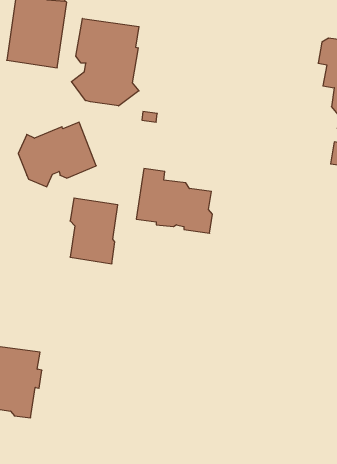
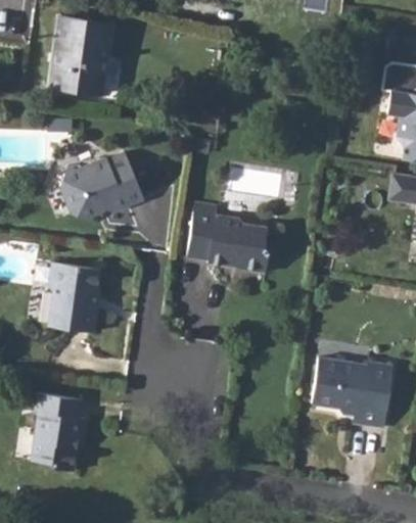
building: [71,18,139,106] -> none
building: [70,198,118,264] -> [48,262,99,332]
building: none -> [311,358,392,427]

